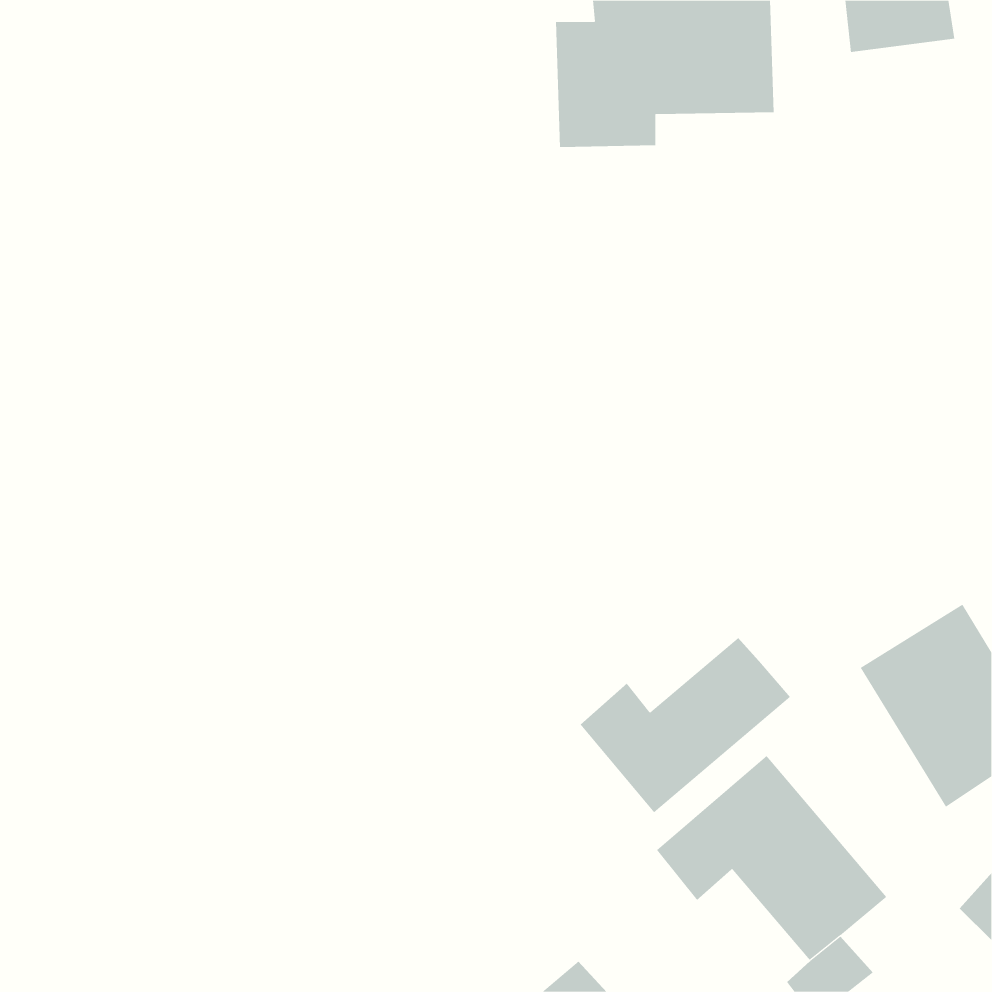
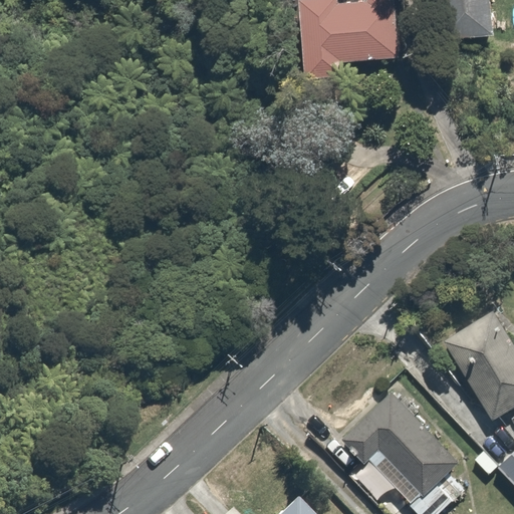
building: [580,637,791,813] -> none

